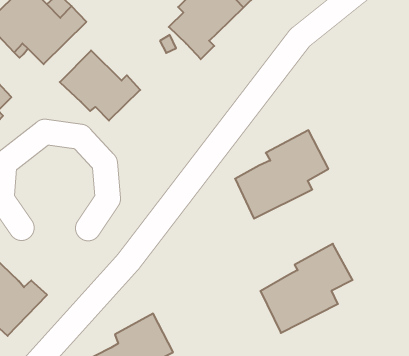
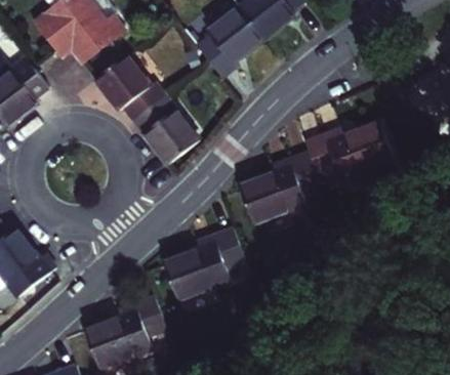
building: none -> [133,95,198,162]
building: none -> [305,123,391,178]
building: [260,244,353,333] -> [163,225,245,298]

